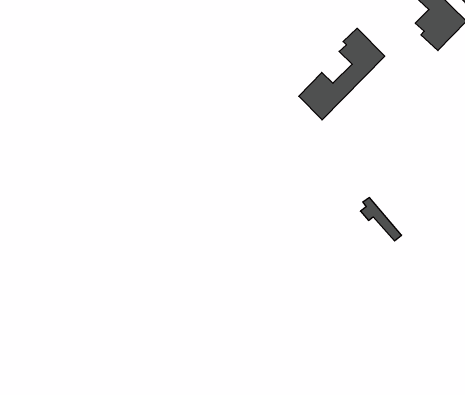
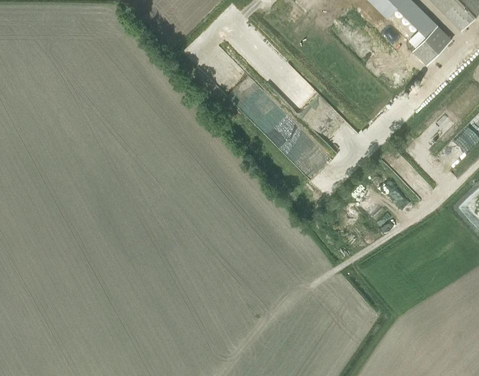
building: [299,28,385,120] -> none

